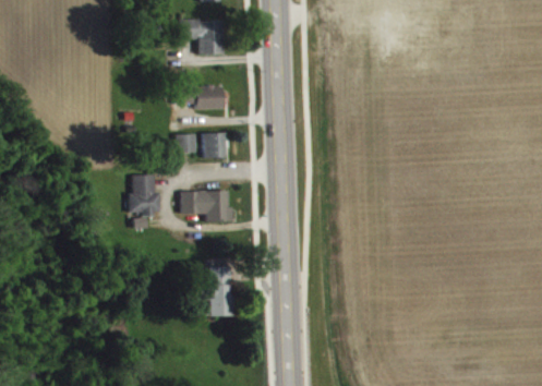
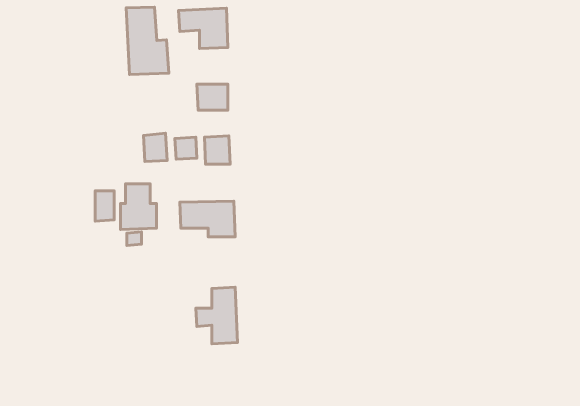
building: none -> [126,7,169,75]
building: none -> [143,133,167,162]
building: none -> [95,191,114,221]

